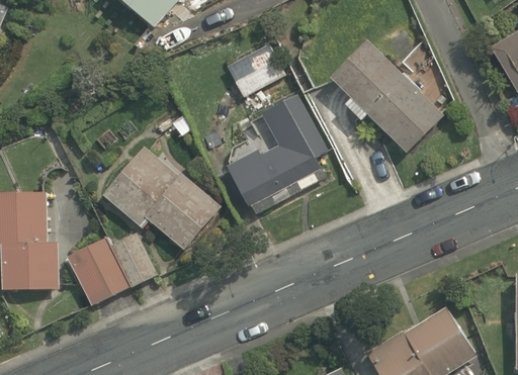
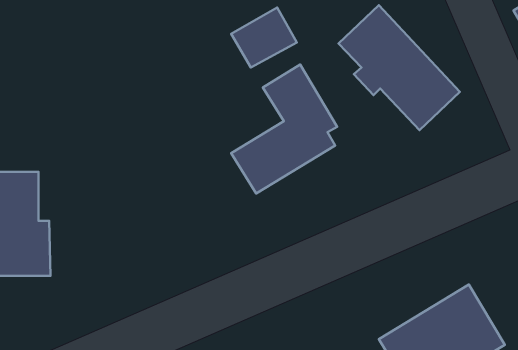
building: [102,148,221,252] -> none
building: [68,235,156,303] -> none

